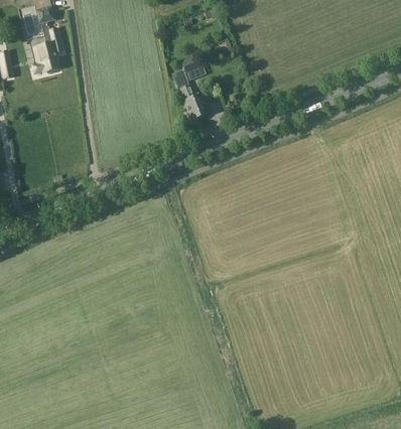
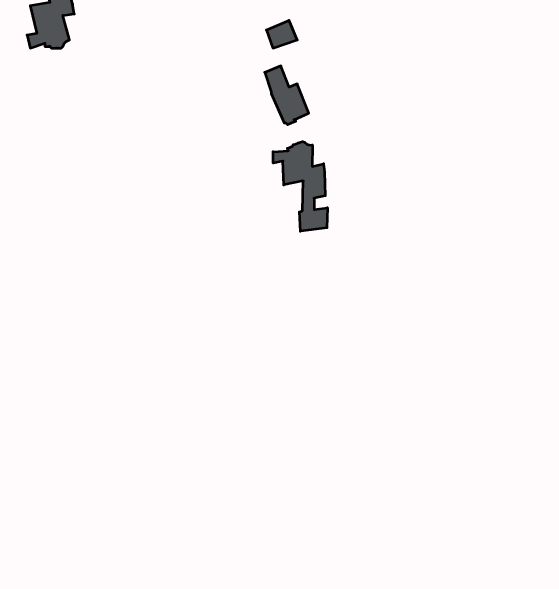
building: none -> [273,142,327,231]

